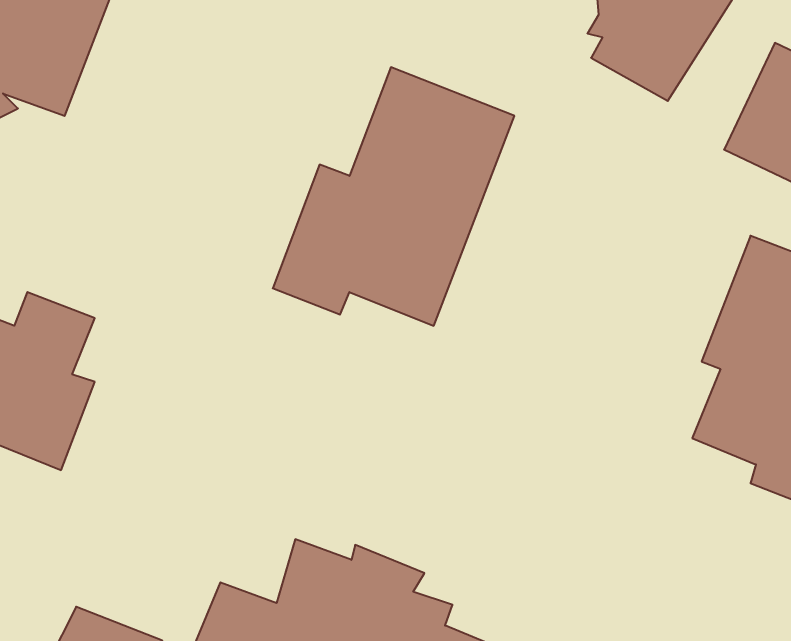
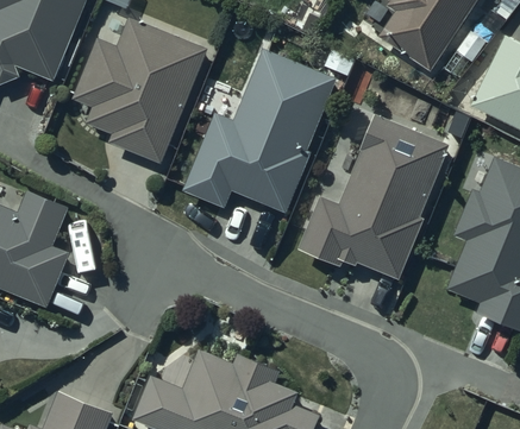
building: none -> [73,15,211,166]
building: none -> [299,114,452,285]

